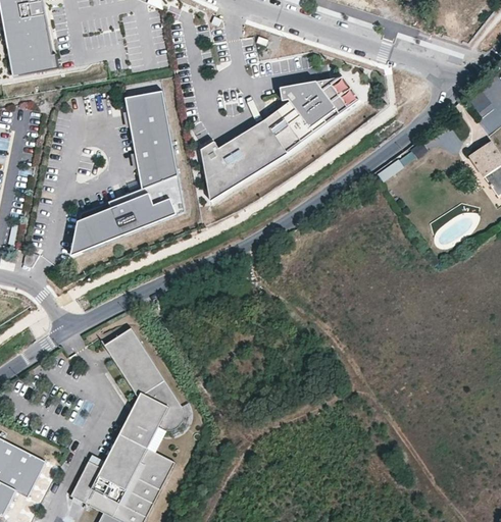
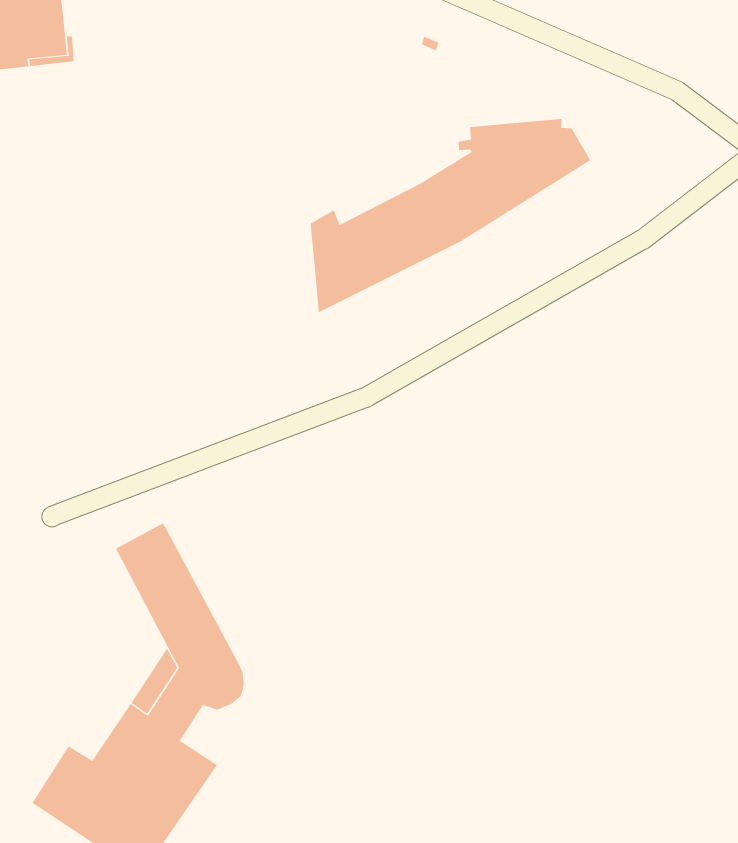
building: [69,91,184,256] -> none

